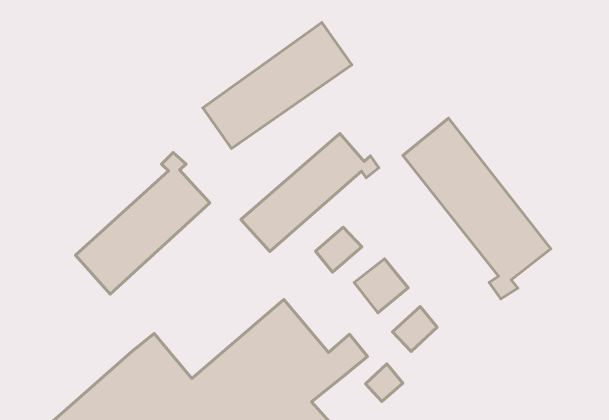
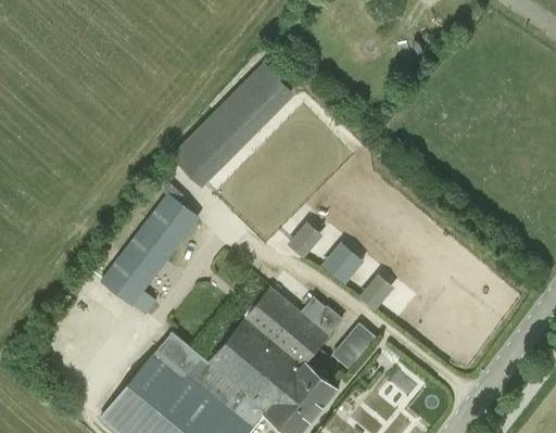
building: [403,118,551,299] -> none
building: [241,133,379,251] -> none

